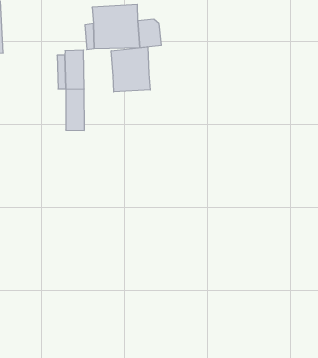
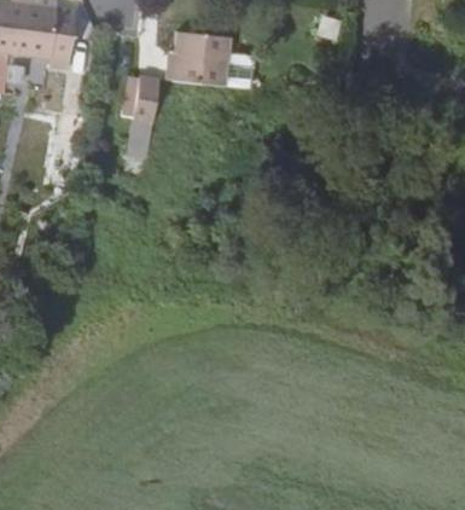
building: [111,47,150,92] -> none

